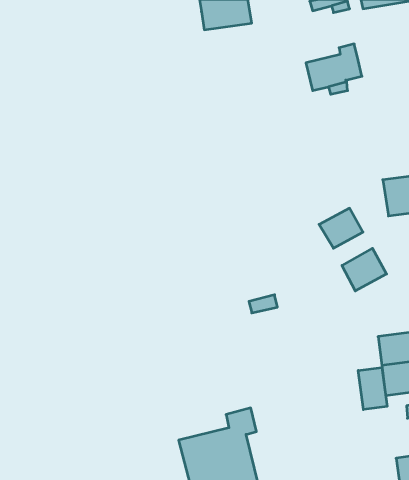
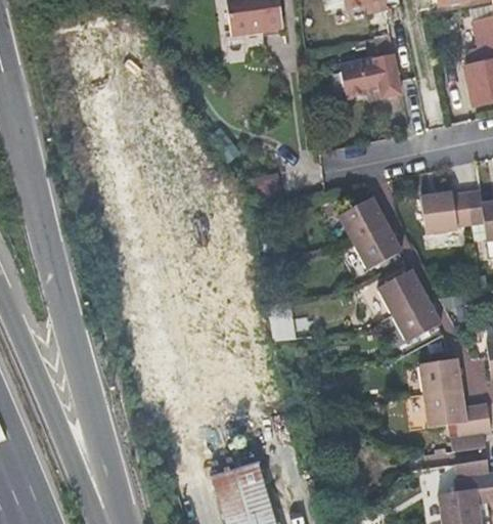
building: none -> [340,198,388,243]
building: none -> [394,296,442,341]
building: [358,367,387,410] -> none

